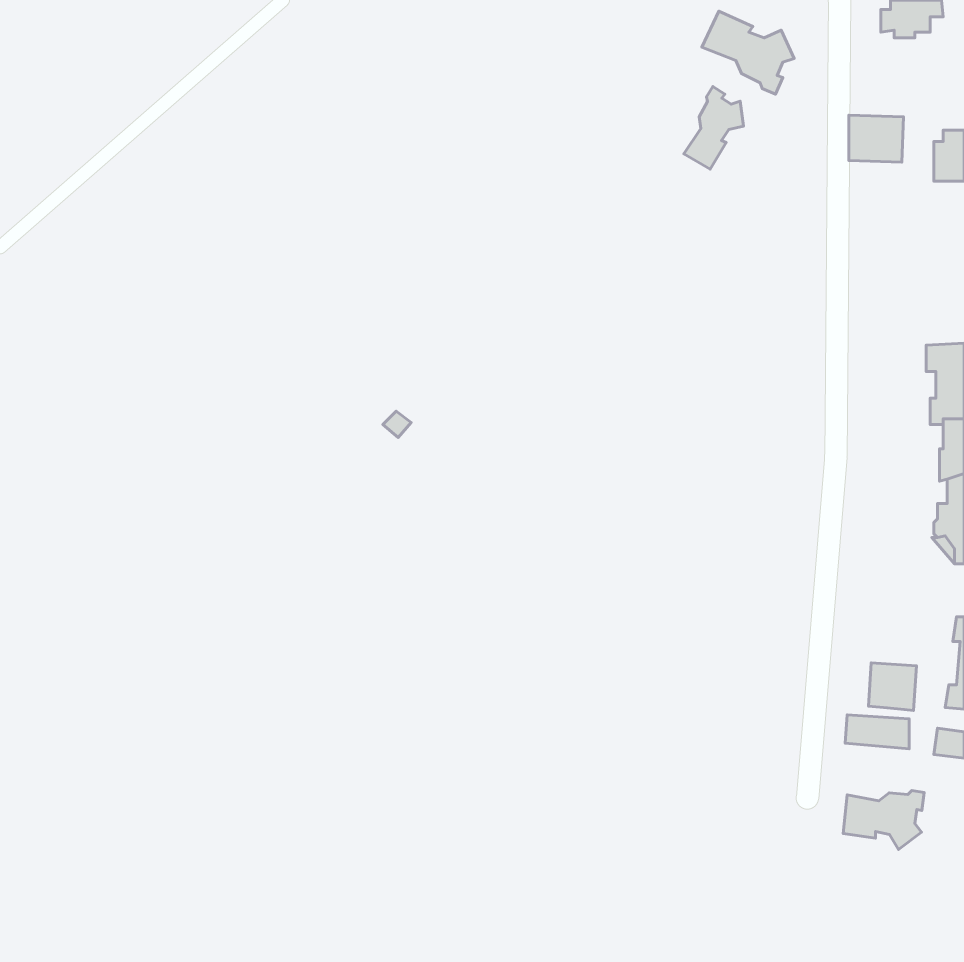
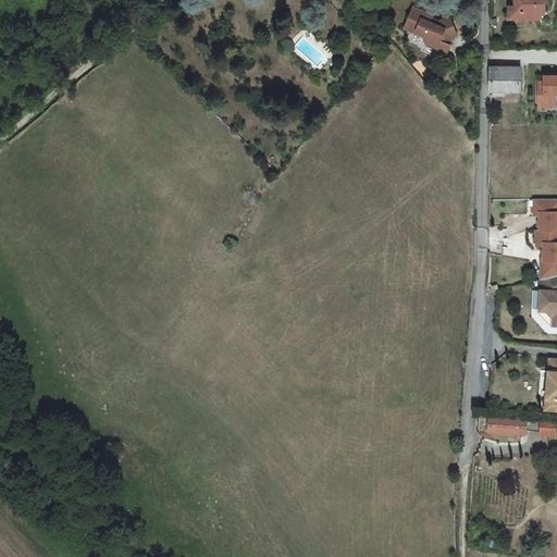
building: [684,87,743,169] -> none
building: [868,663,916,710] -> none
building: [843,791,924,849] -> none

